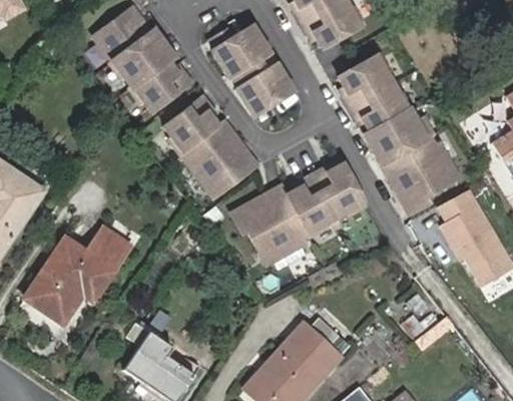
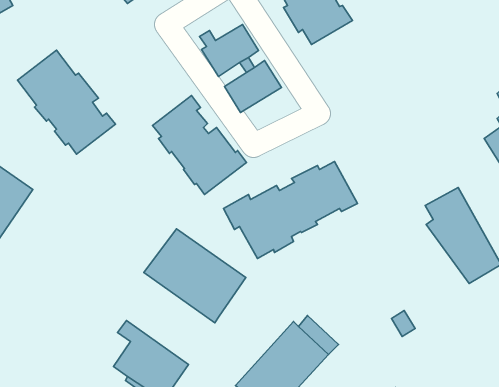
building: [93,8,191,112] -> [18,50,115,154]
building: [337,52,457,211] -> none
building: [27,229,130,319] -> none
building: none -> [144,229,246,323]

